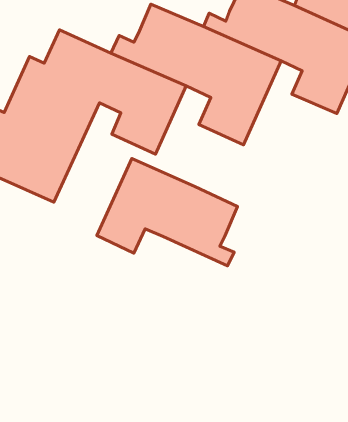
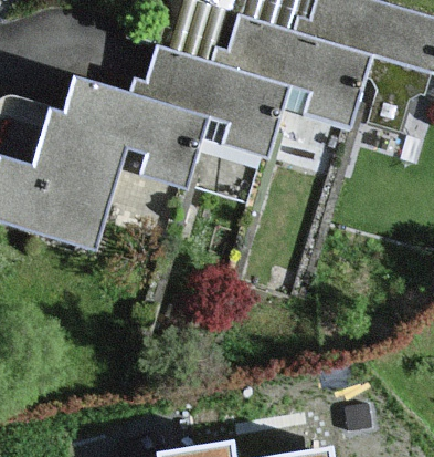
building: [97,159,238,266] -> none

